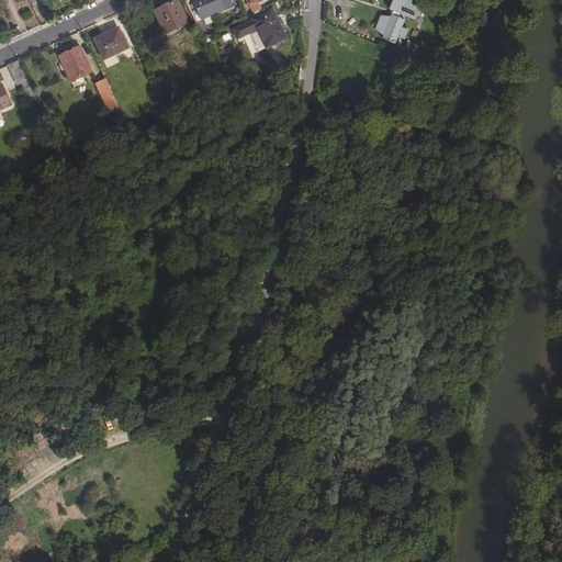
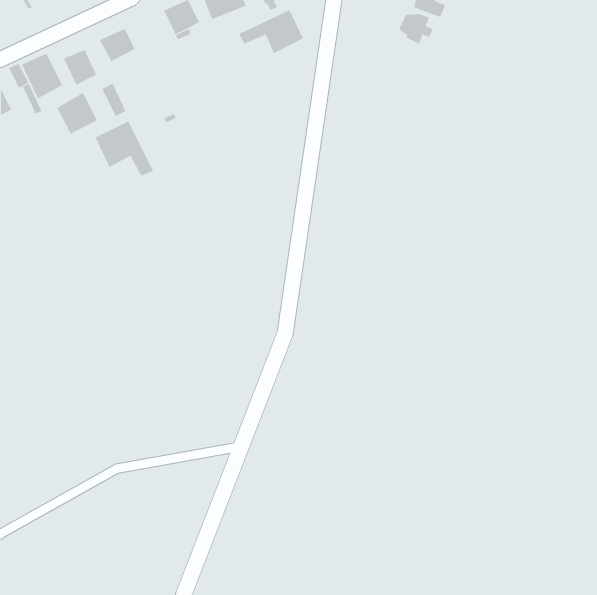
building: none -> [21,53,63,99]
building: none -> [56,92,98,134]
building: none -> [95,120,154,177]

